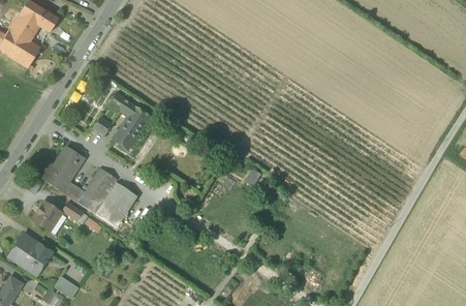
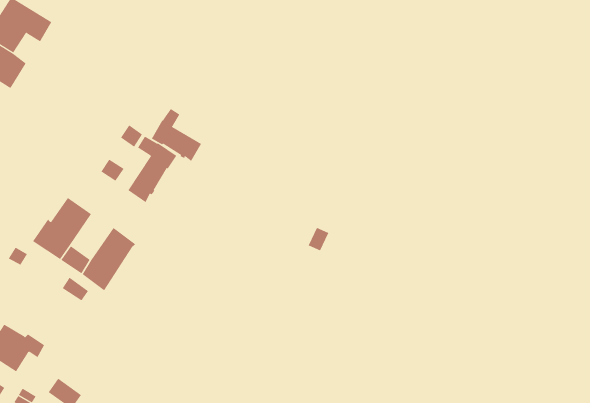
building: none -> [151,108,202,162]
building: [95,181,138,227] -> none
building: [34,203,62,232] -> none

